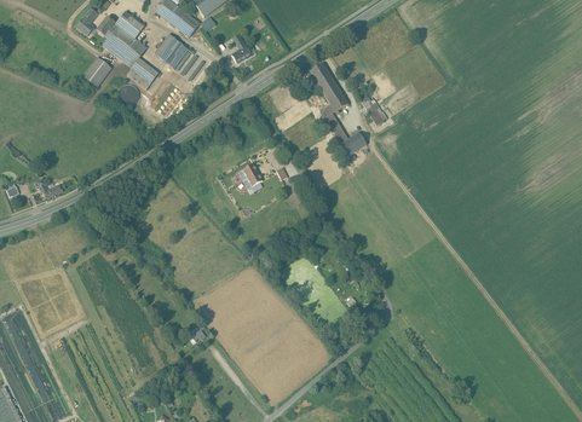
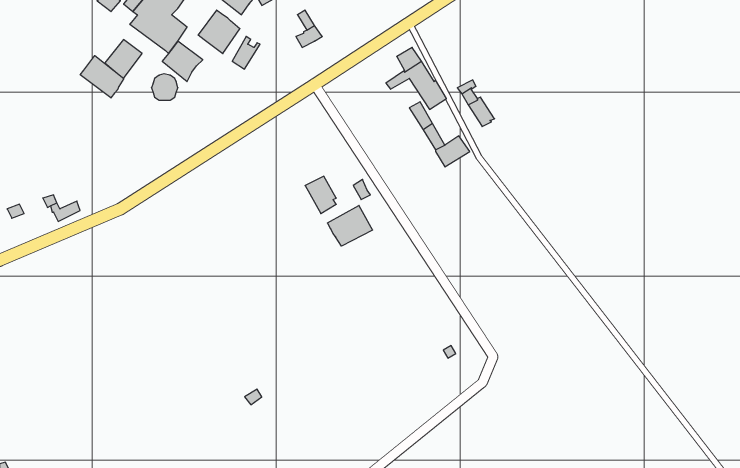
building: none -> [80,56,124,98]
building: none -> [327,205,373,246]

